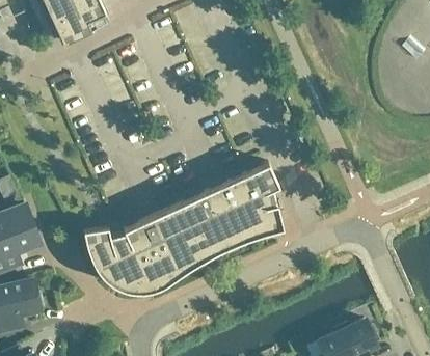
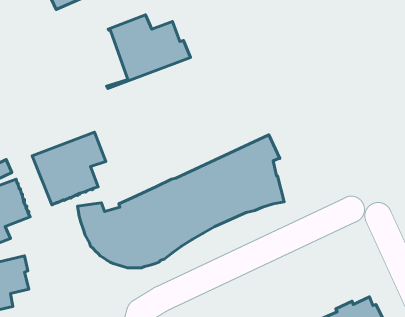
building: none -> [107,15,190,88]
building: none -> [32,132,106,205]

